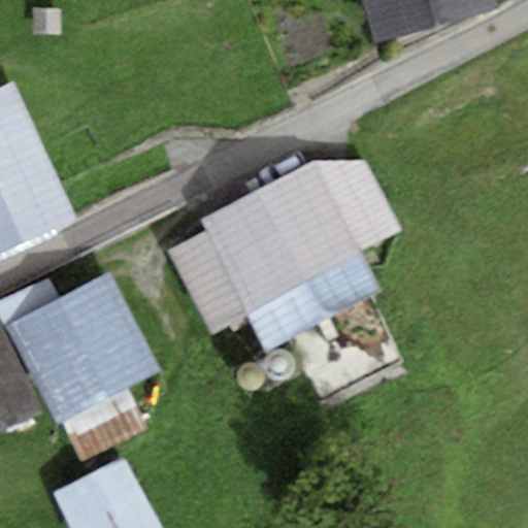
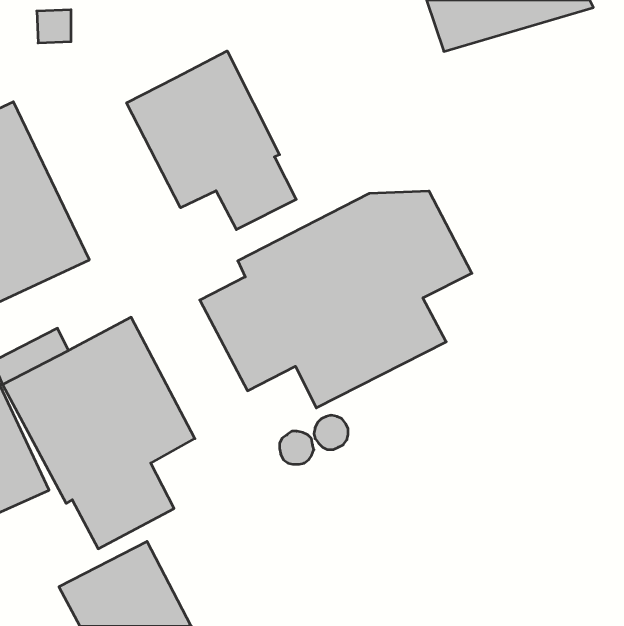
building: none -> [127,51,296,230]

